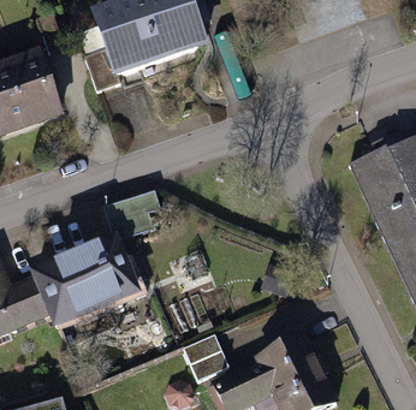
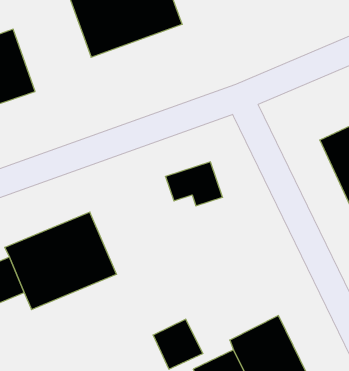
building: [103,192,160,236] -> [165,162,223,206]

